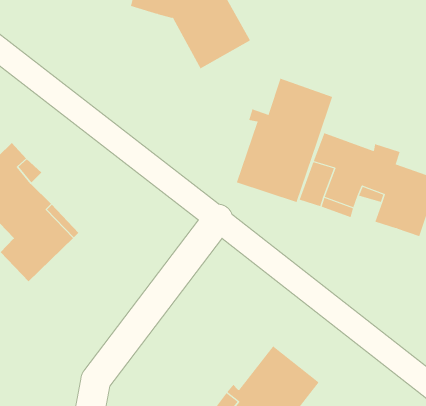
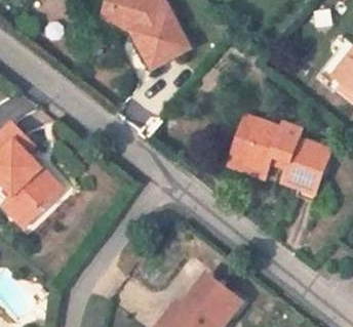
building: [236,78,333,203] -> none

